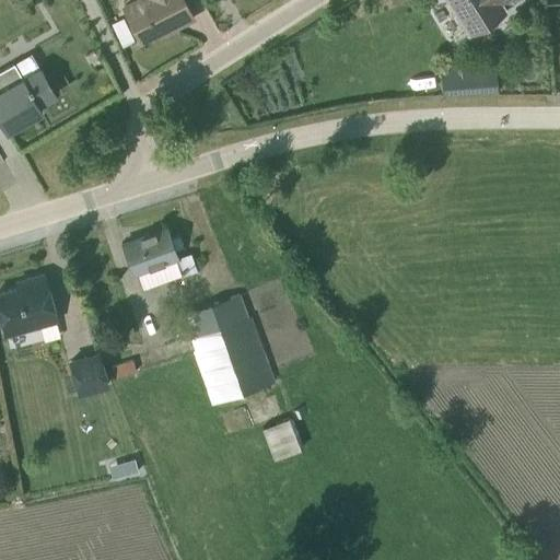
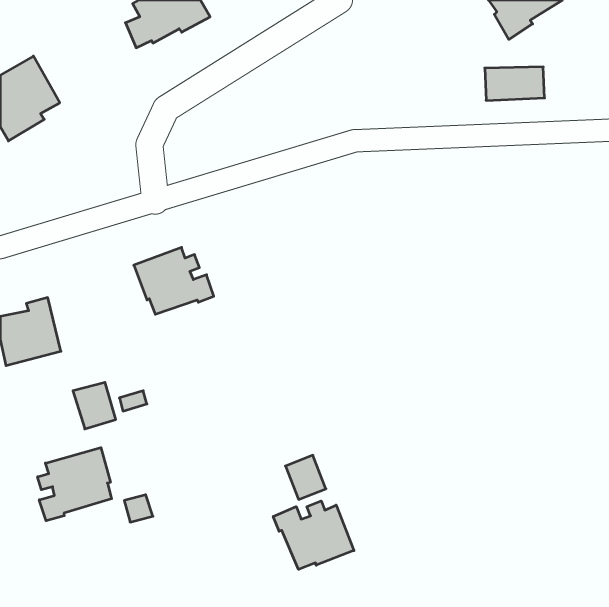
building: [185,295,276,406] -> none
building: none -> [38,448,112,521]
building: none -> [273,501,354,569]

